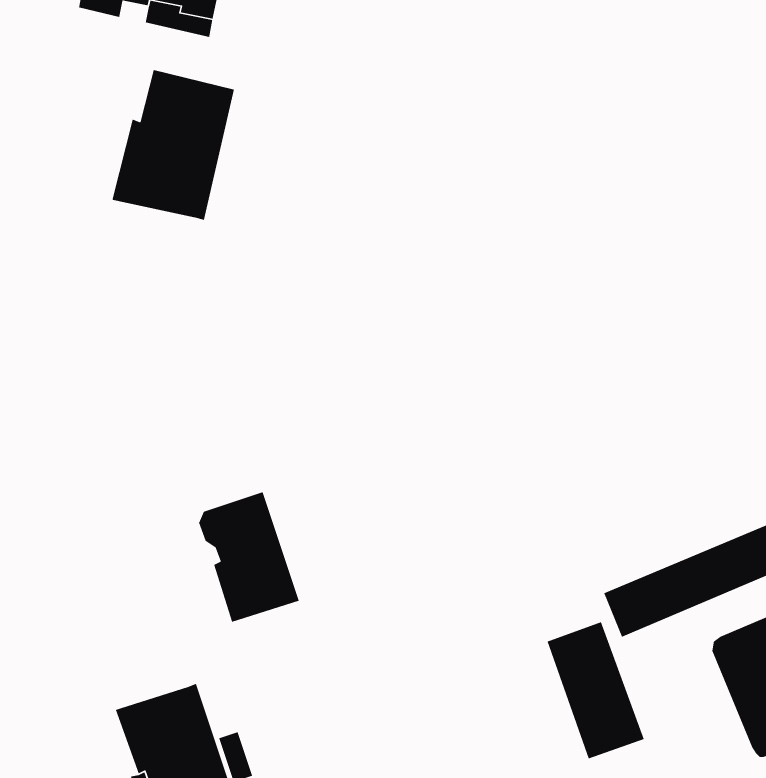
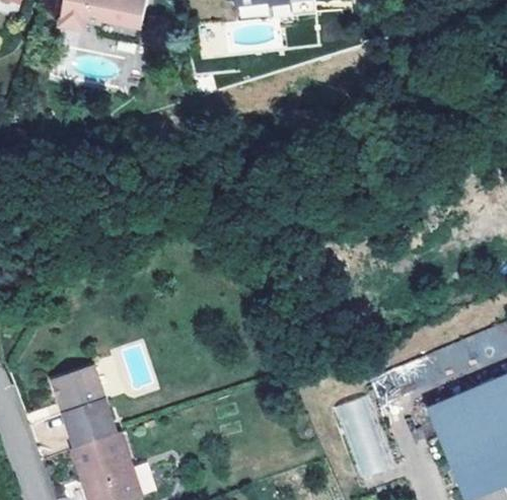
building: [112,69,235,221] -> none
building: [198,491,300,623] -> [55,367,117,447]

